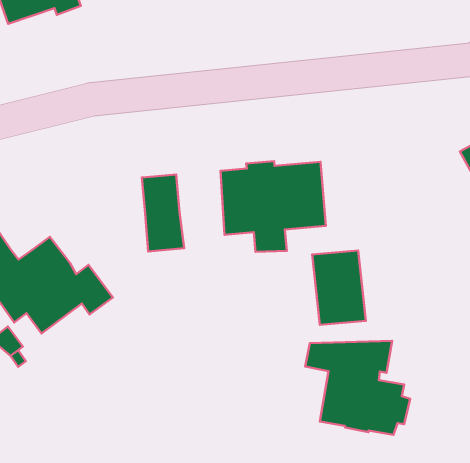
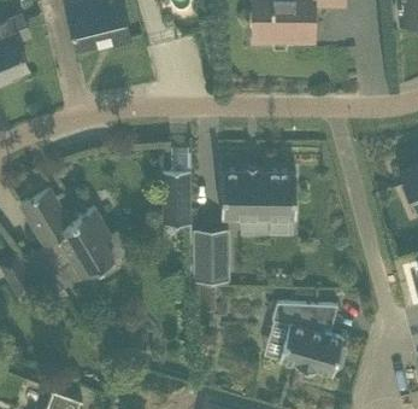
building: [312,250,366,325] -> [194,230,229,282]

